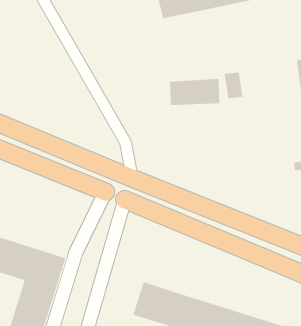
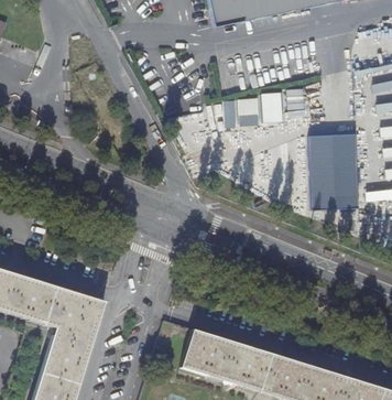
building: none -> [311,134,360,209]

